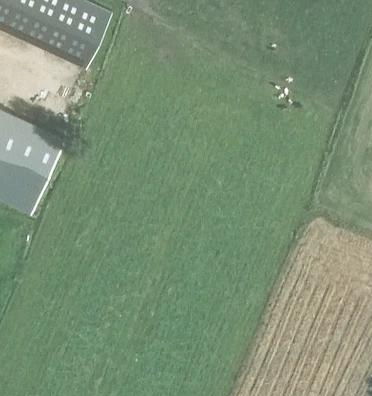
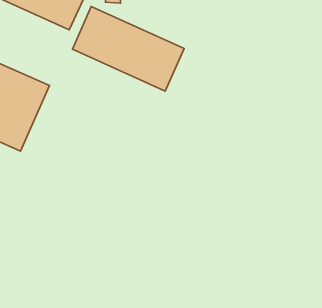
building: none -> [72,6,184,91]

